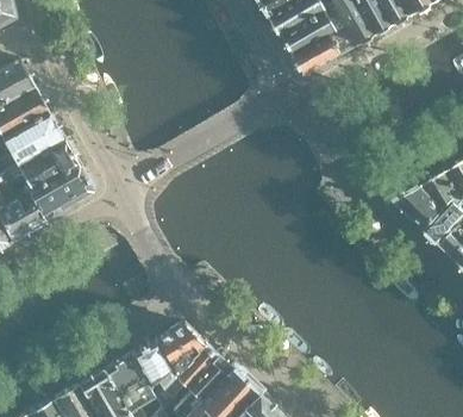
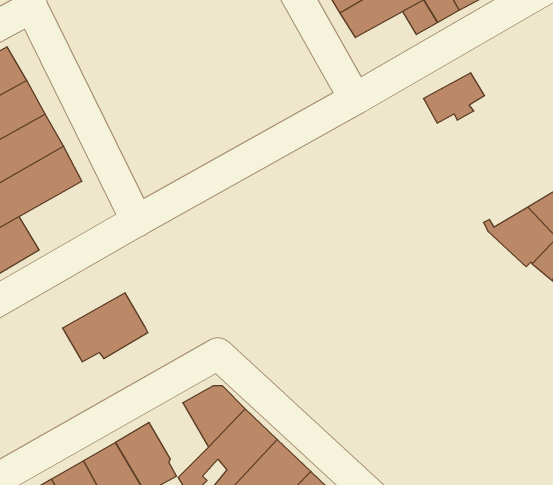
building: [293,33,340,73] -> [423,73,485,123]
building: [31,166,98,219] -> [62,293,148,362]
building: [132,338,179,397] -> none

